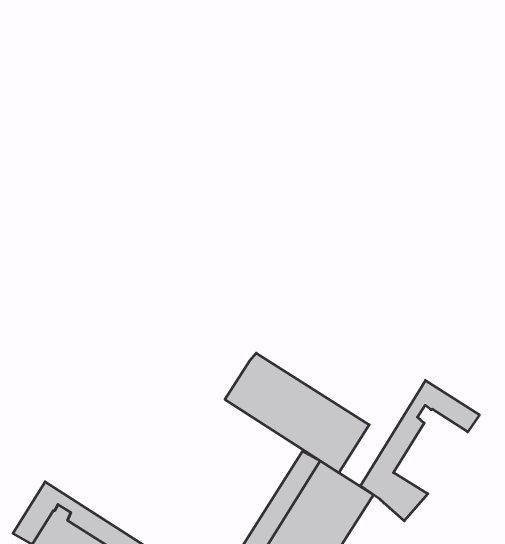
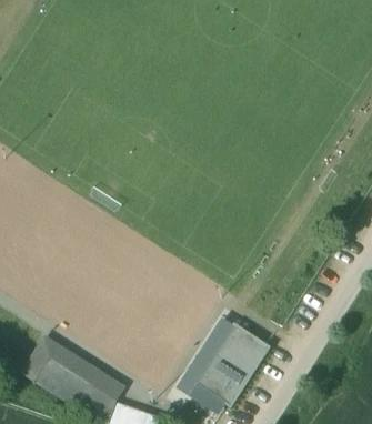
building: [225,353,369,473] -> none
building: [360,380,479,521] -> none

